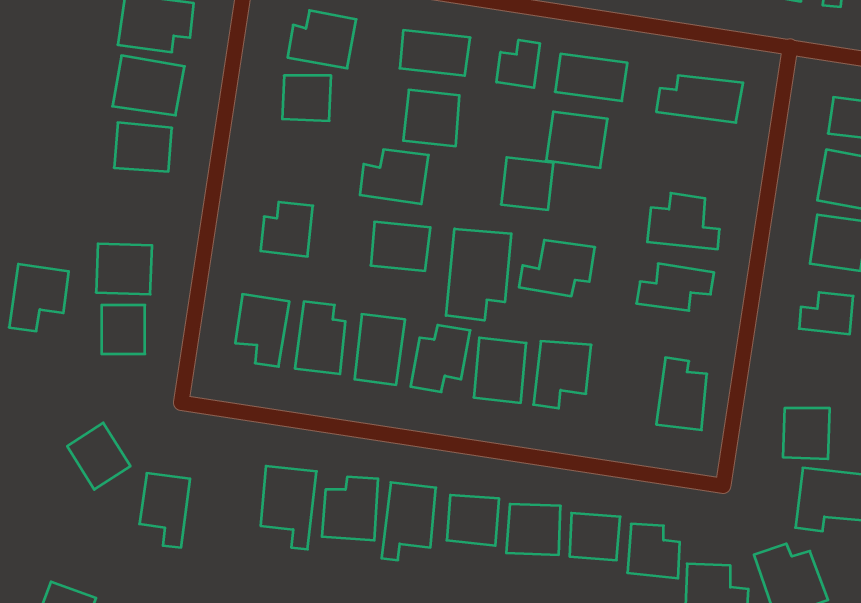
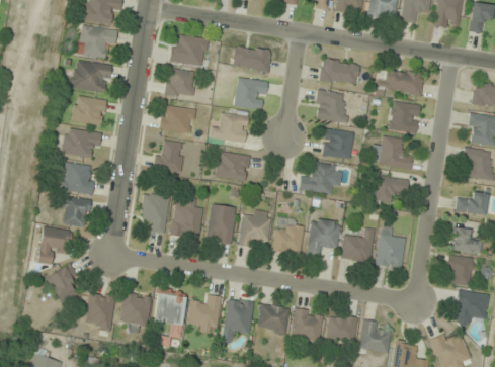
building: [497,40,540,88] -> none
building: none -> [388,102,419,133]
building: none -> [160,106,194,132]
building: [501,157,554,210] -> [323,129,352,159]
building: none -> [63,129,99,157]
building: [446,229,511,320] -> none
building: [9,264,69,331] -> [37,226,71,264]
building: none -> [341,228,374,261]
building: none -> [451,228,480,253]
building: none -> [120,293,149,332]

